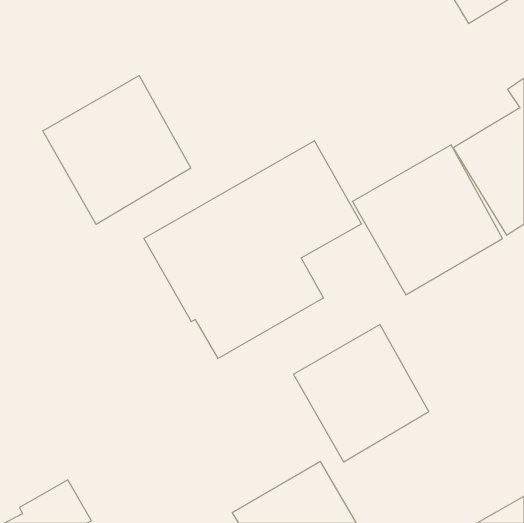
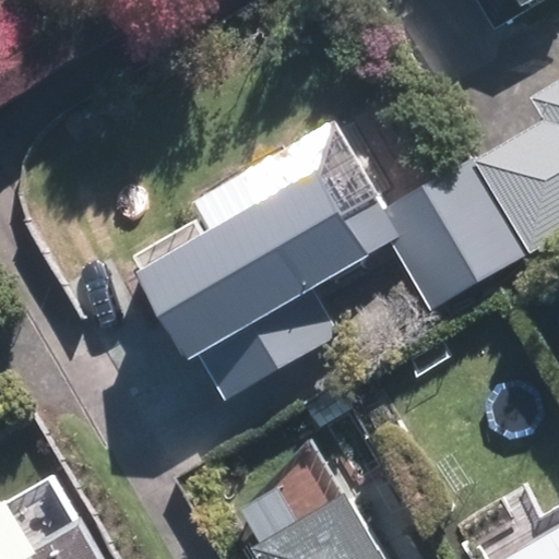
building: [43,76,191,224] -> none
building: [294,325,429,462] -> none

